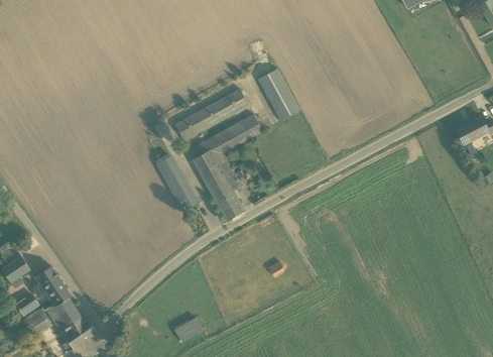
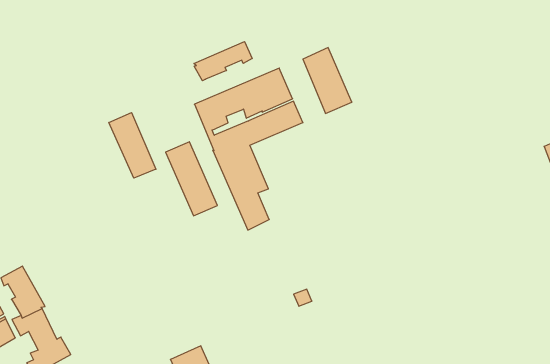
building: none -> [194,42,252,81]
building: none -> [109,113,156,178]

